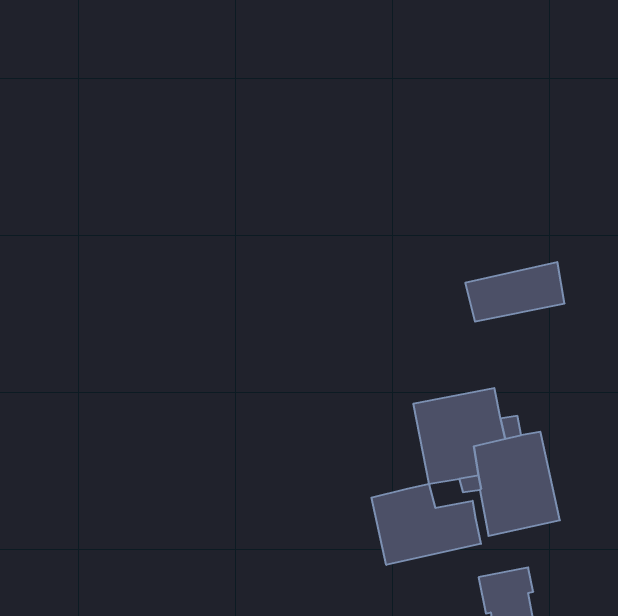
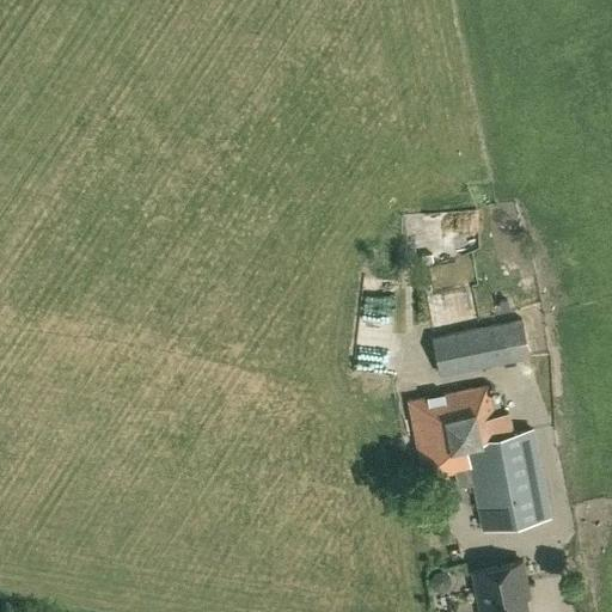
building: [465,262,565,322] -> [432,319,530,378]
building: [371,484,481,565] -> none

